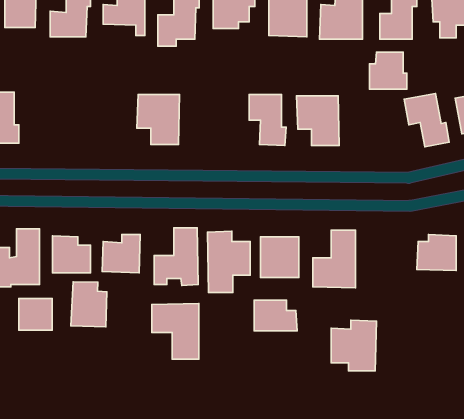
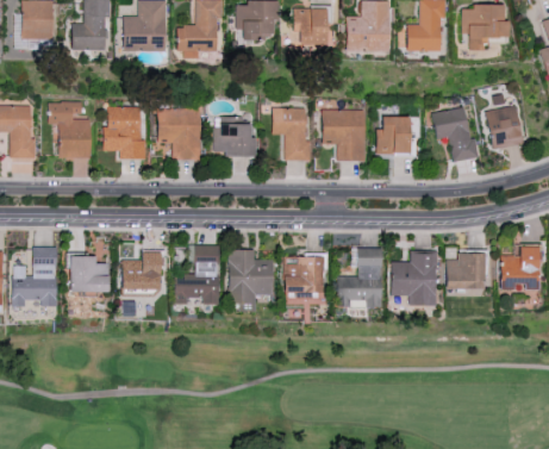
building: [370,52,407,89] -> [376,117,414,155]
building: none -> [49,102,91,158]
building: none -> [102,106,145,160]
building: none -> [213,124,257,157]
building: [71,282,107,327] -> none
building: [19,298,52,330] -> none
building: [254,300,297,331] -> none
building: [152,304,199,359] -> none
building: [331,320,376,371] -> [391,252,437,305]

